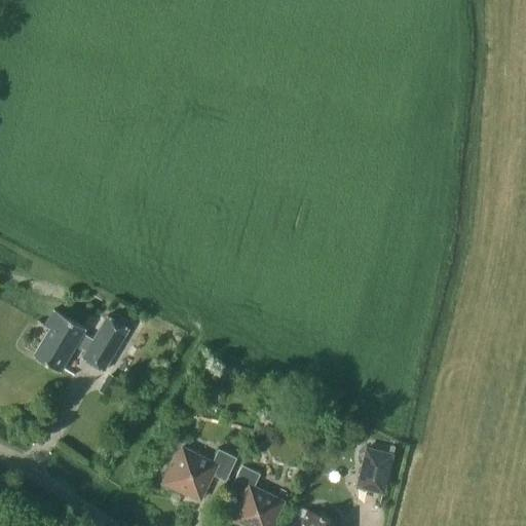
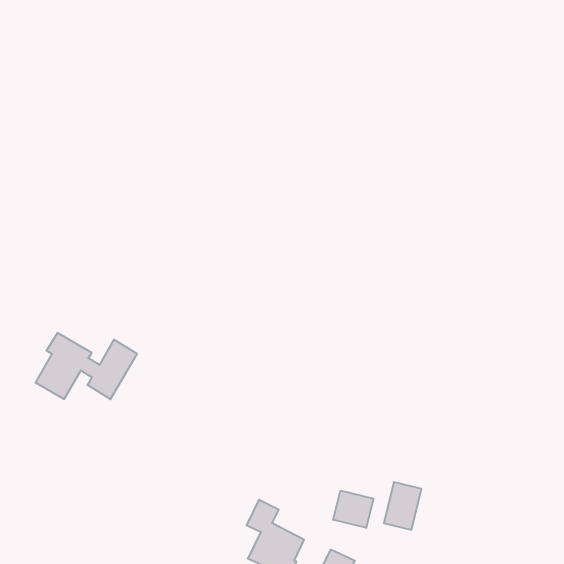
building: [162,448,237,500] -> none
building: none -> [333,491,373,528]

